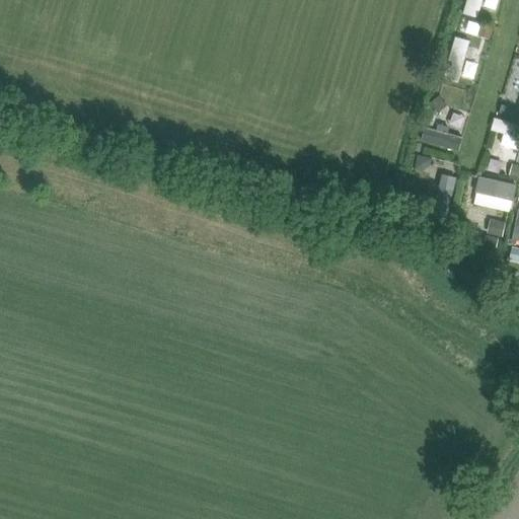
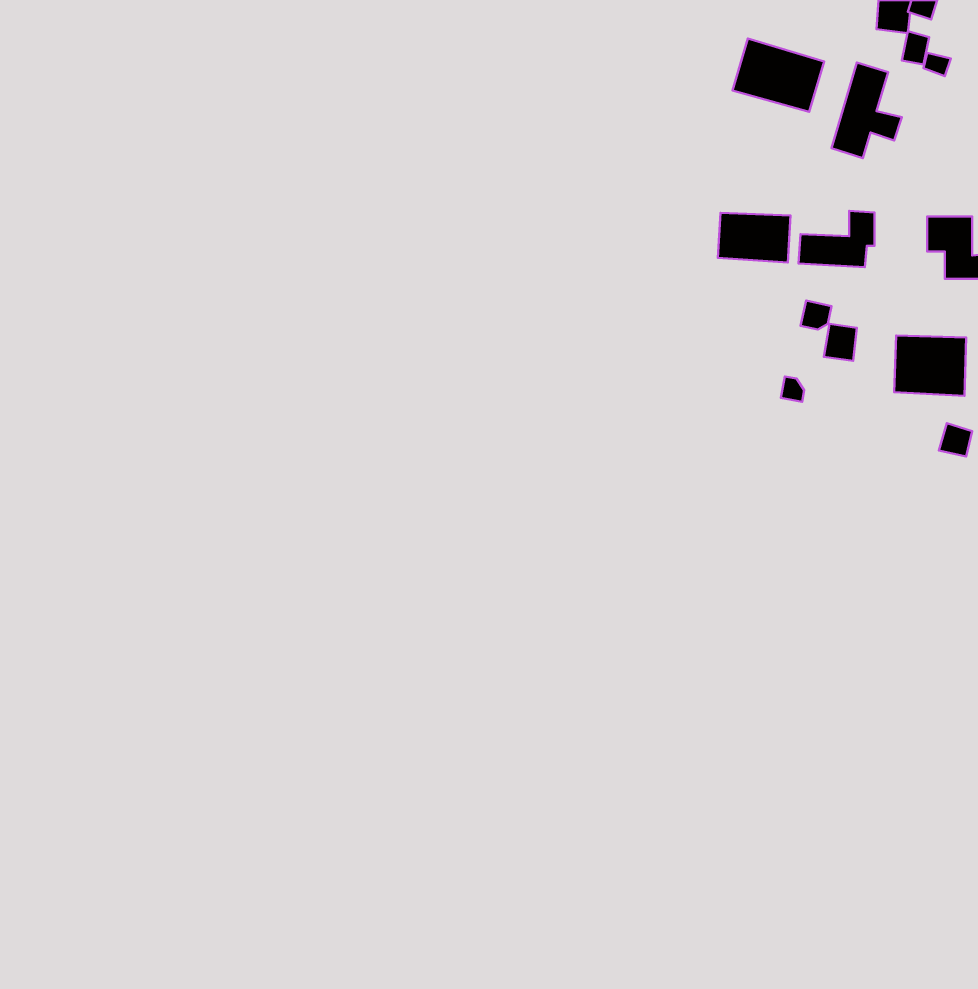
building: none -> [732,39,824,112]
building: none -> [718,213,790,262]

